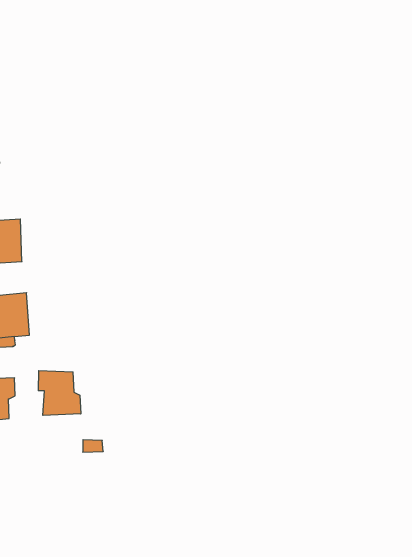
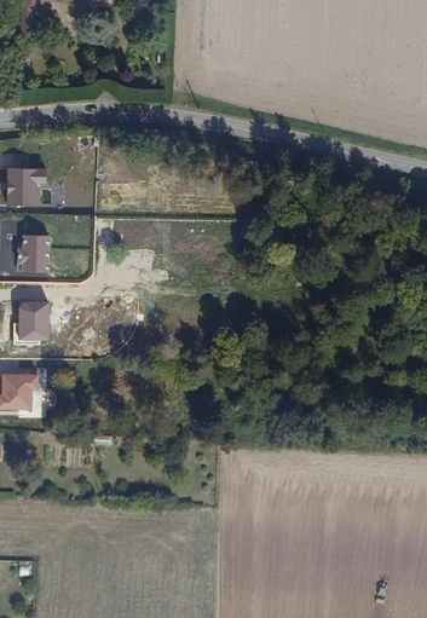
building: [38,371,81,415] -> none

